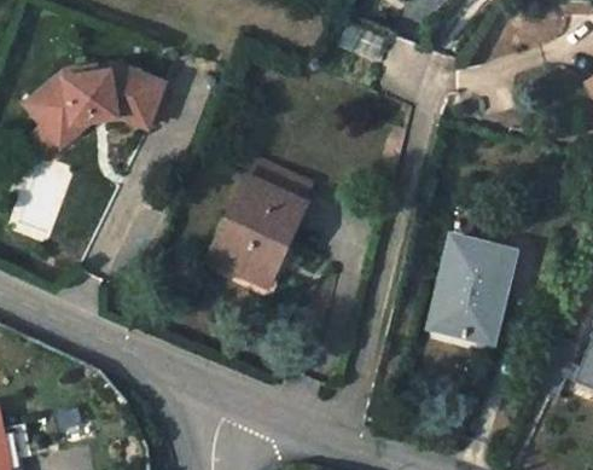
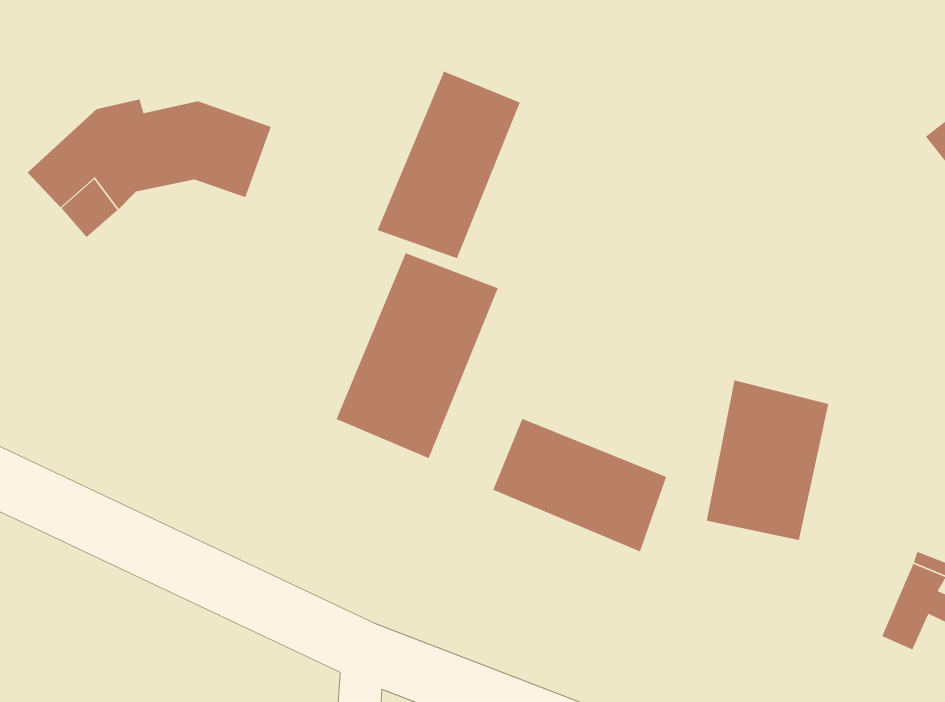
building: none -> [376,71,521,259]
building: none -> [492,418,667,552]

